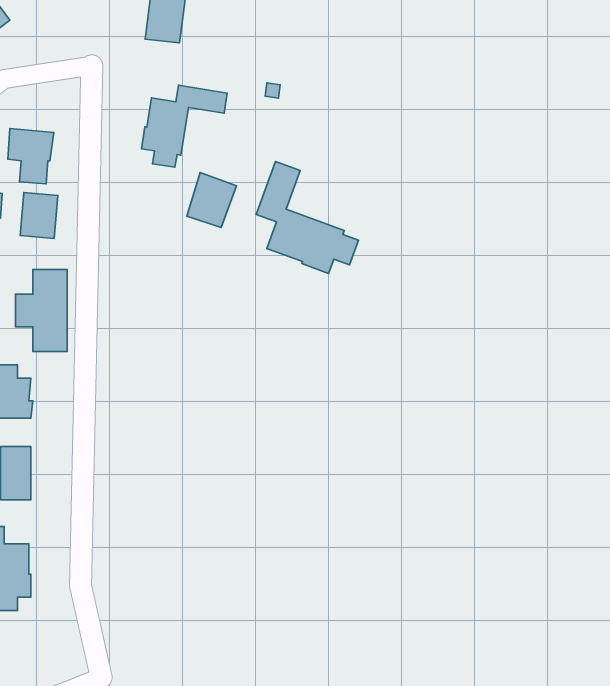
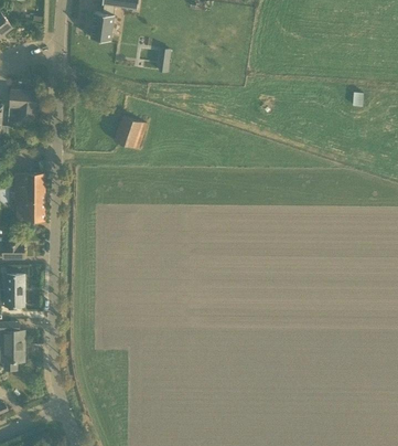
building: [141,85,227,167] -> none
building: [256,161,358,273] -> none
building: [20,193,58,239] -> none

